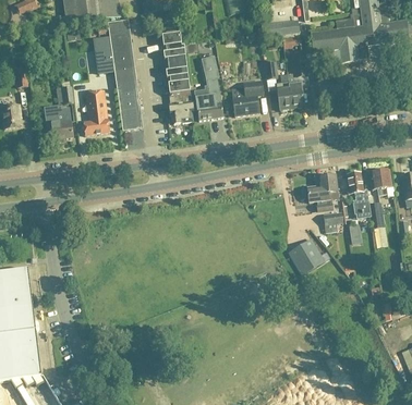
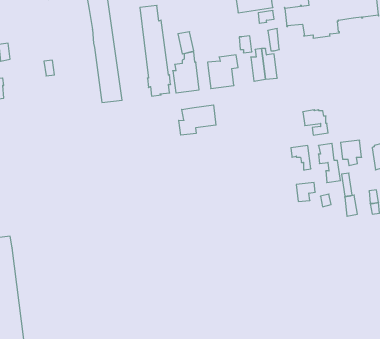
building: [93,34,113,71] -> none
building: [83,89,110,135] -> none
building: [45,106,73,139] -> none
building: none -> [179,105,216,135]
building: [306,185,332,211] -> [303,110,328,135]
building: [288,238,324,274] -> none

